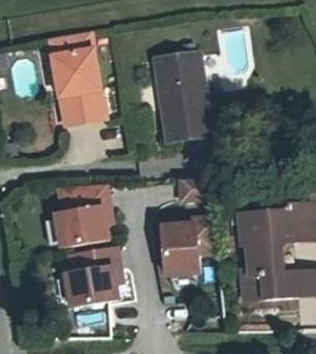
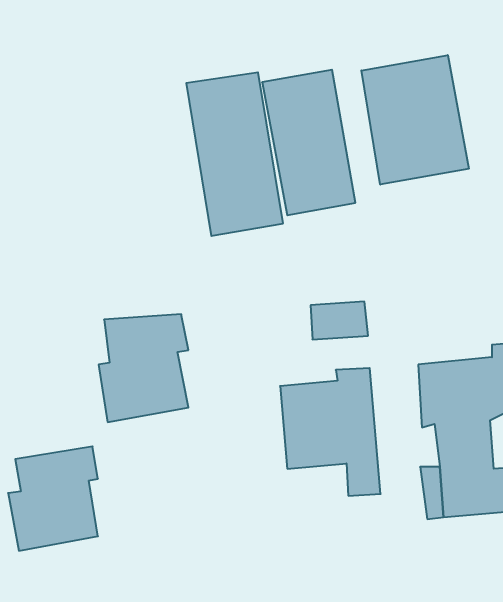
building: [51,34,106,128] -> [186,72,283,236]
building: none -> [361,55,469,185]
building: [67,247,119,307] -> [8,446,98,551]

